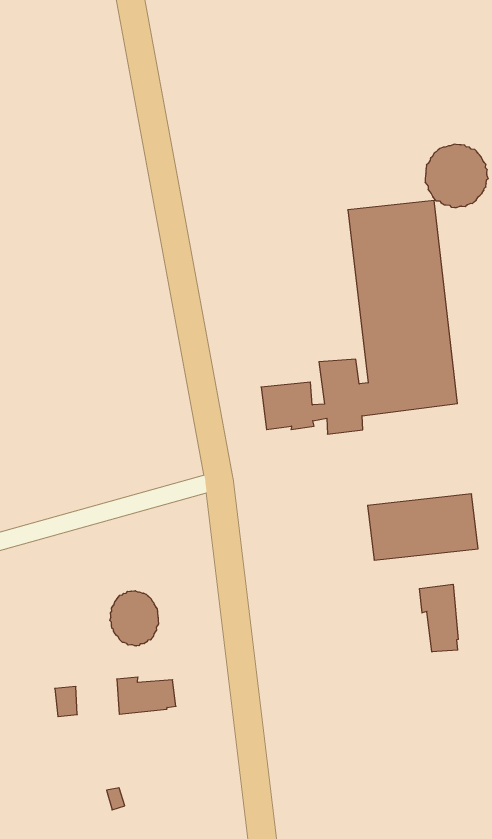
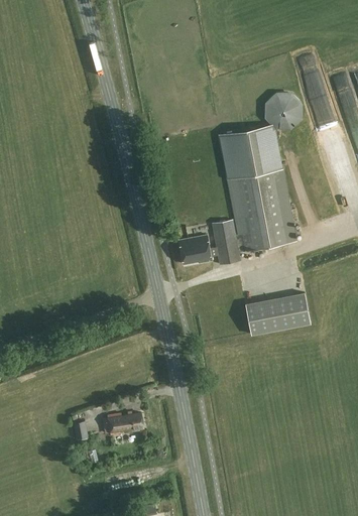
building: [419,584,458,652] -> none
building: [110,591,159,646] -> none

